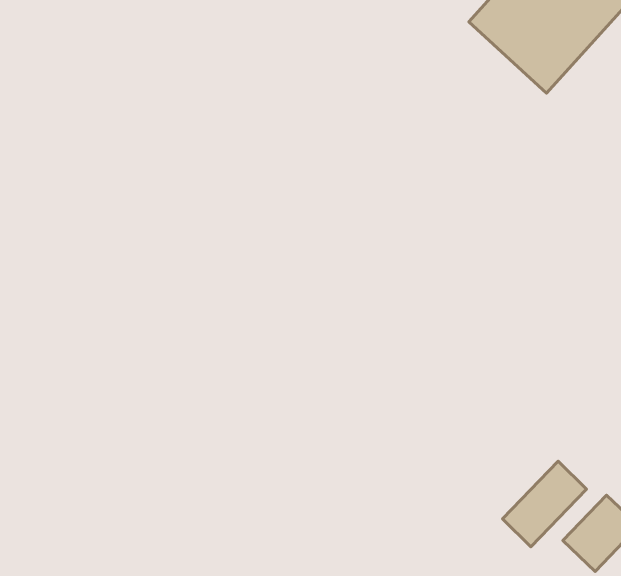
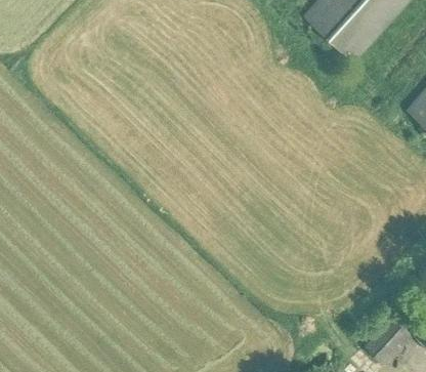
building: [502,461,586,547] -> none

